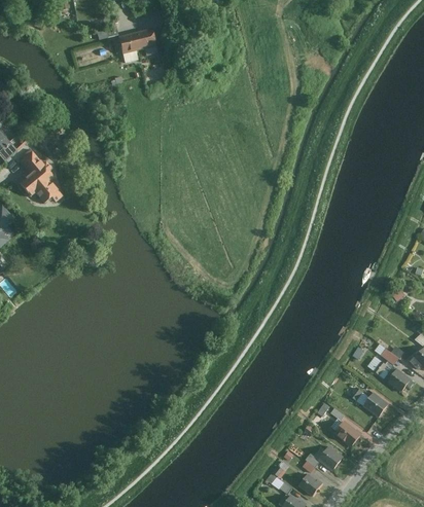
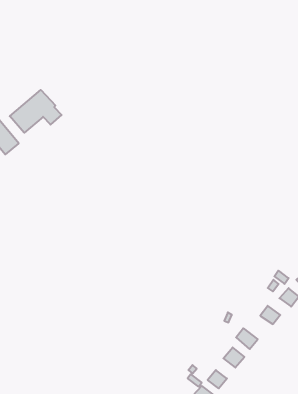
building: [117,28,168,61] -> none
building: none -> [10,90,62,133]

